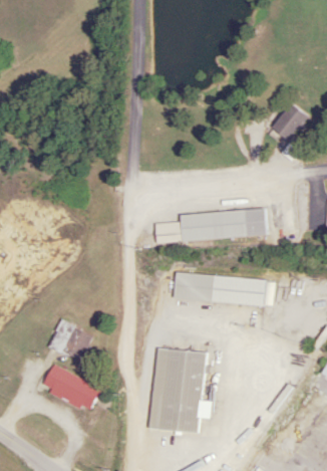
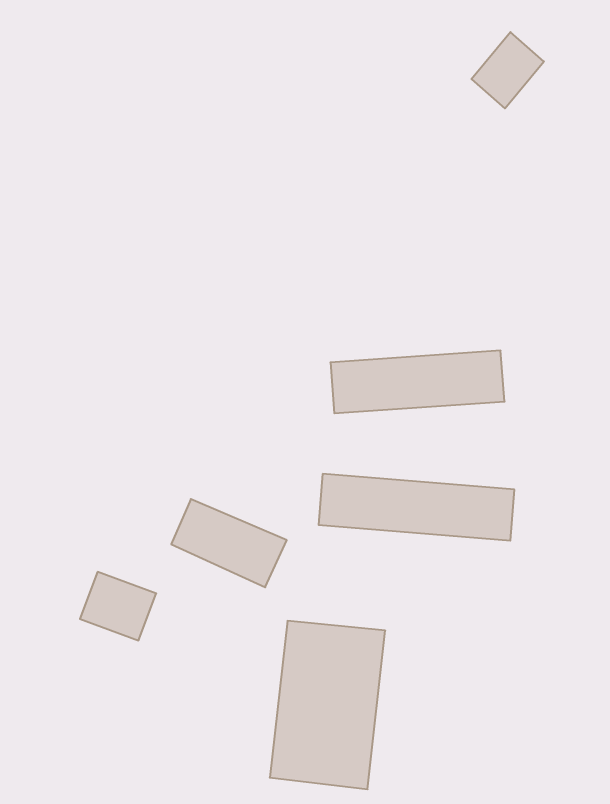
building: [272,102,309,142] -> [471,32,544,108]
building: [41,366,100,411] -> [171,499,287,587]

